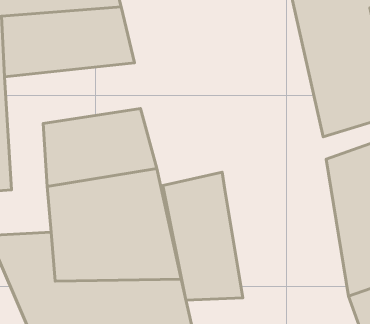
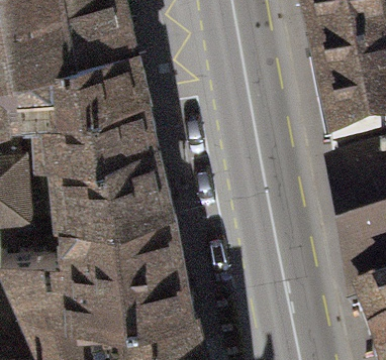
building: none -> [32,70,153,133]
building: [163,172,243,300] -> none

